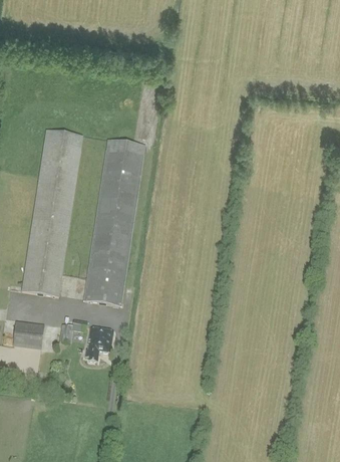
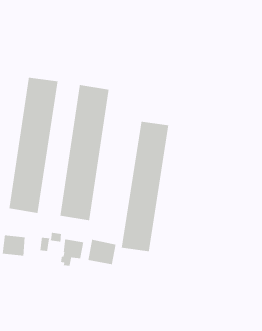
building: none -> [121,121,169,252]
building: none -> [87,239,116,265]

